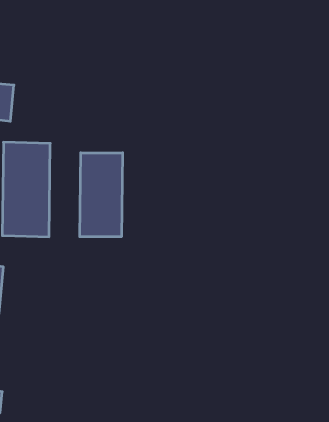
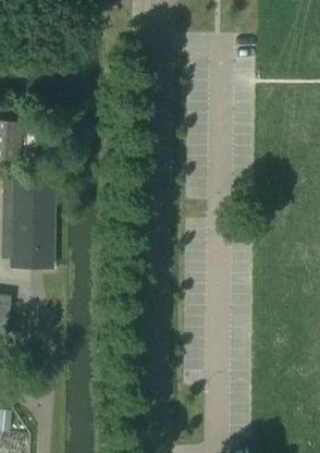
building: [80,153,123,237] -> none

